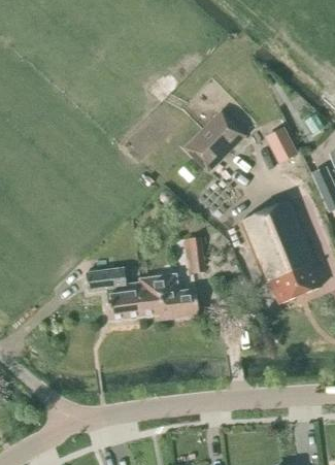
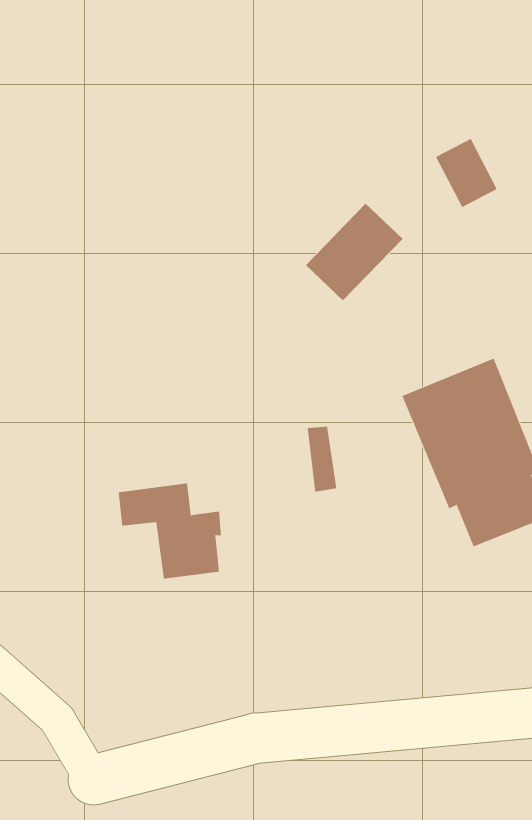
building: [264,125,298,163] -> [435,138,498,208]
building: [139,274,199,319] -> none

